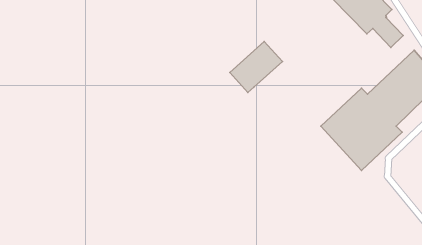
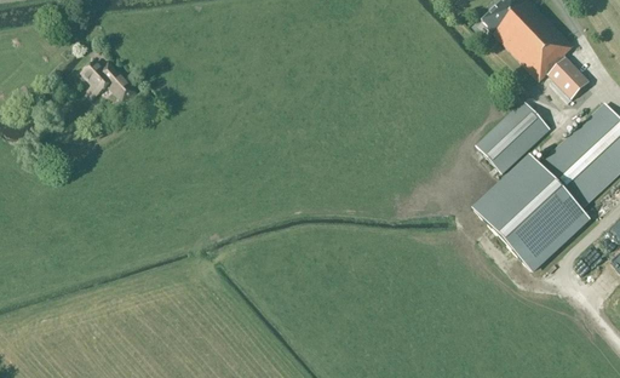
building: none -> [81,61,134,102]
building: [230,41,282,92] -> [476,102,550,173]

